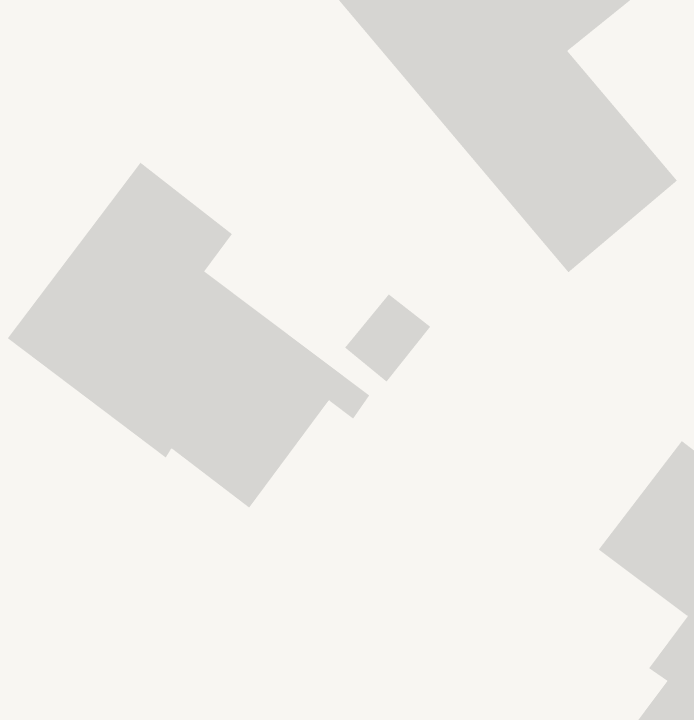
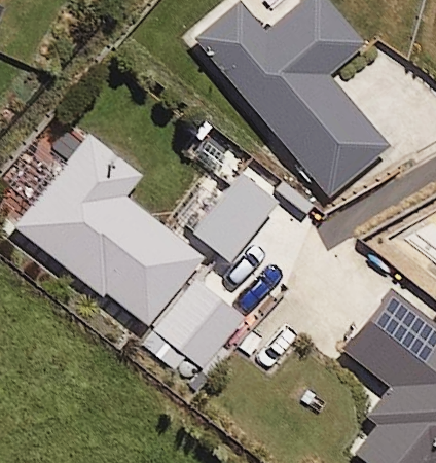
building: none -> [156,279,246,369]

